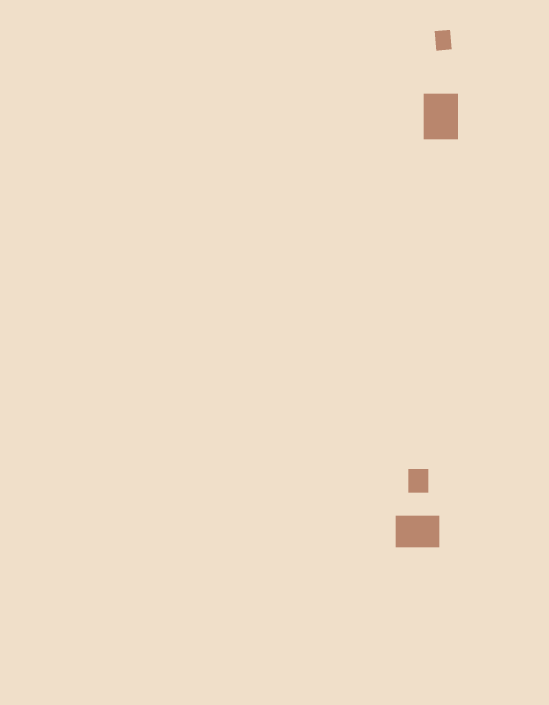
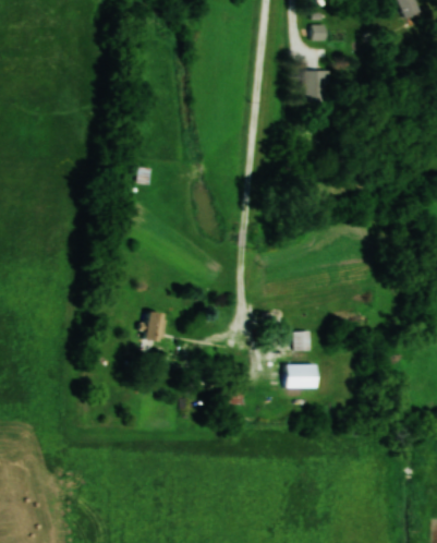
building: none -> [143,312,167,342]

